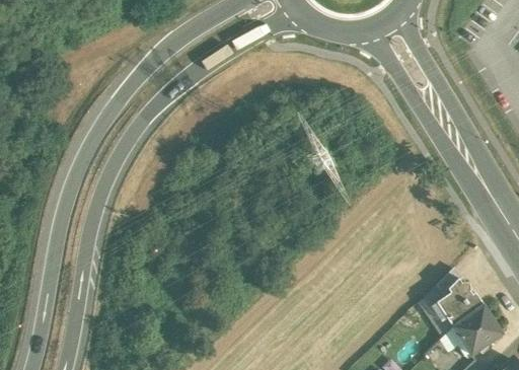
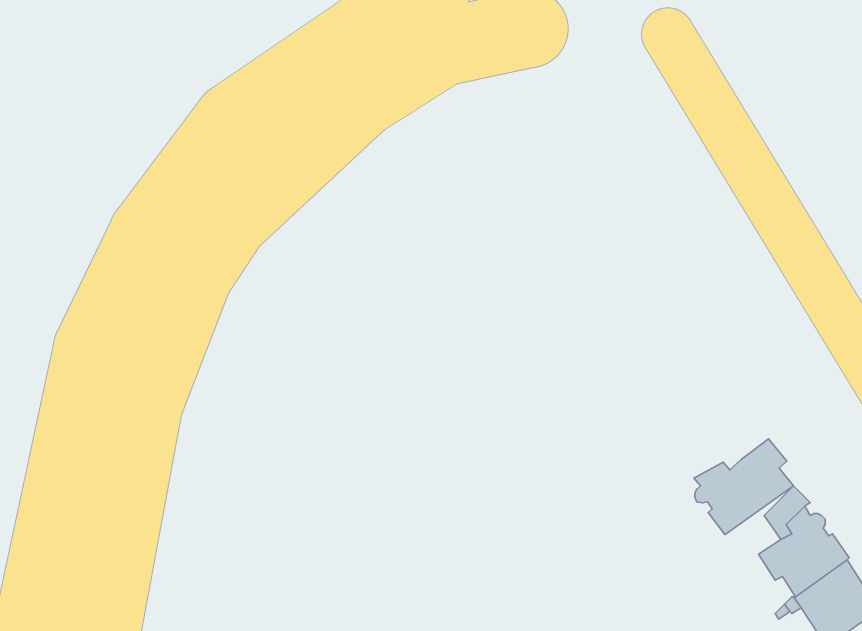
building: none -> [694,439,794,534]

